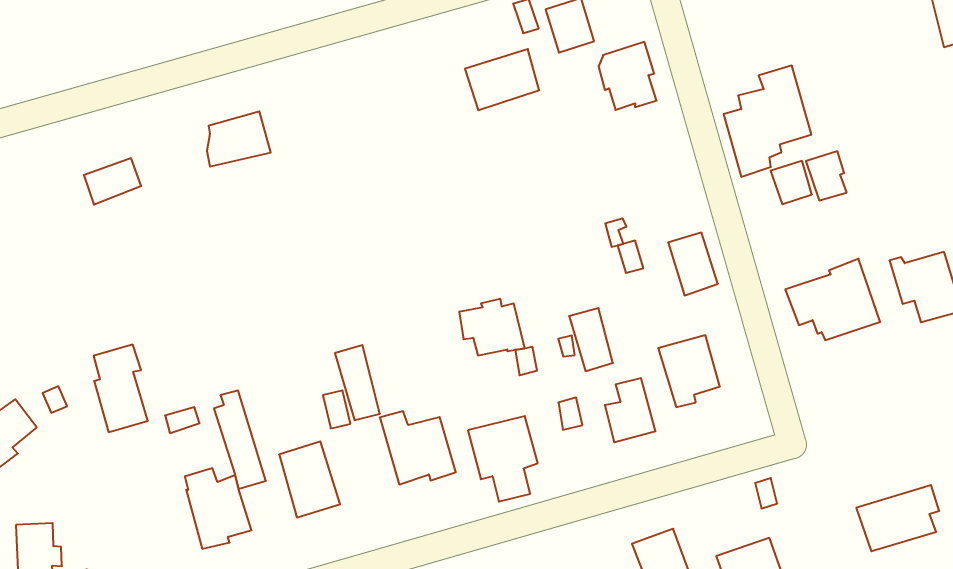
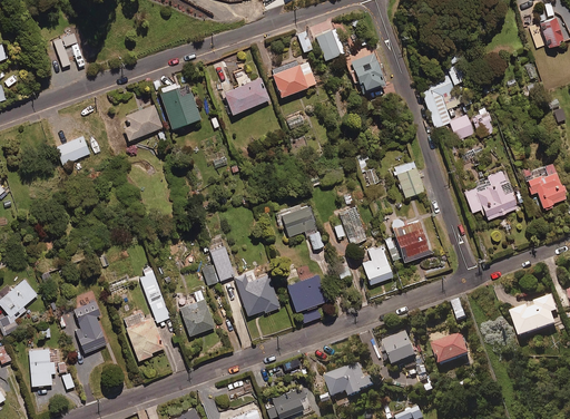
building: none -> [158,84,199,129]
building: none -> [224,79,268,115]
building: [94,345,148,432] -> [72,301,106,352]

